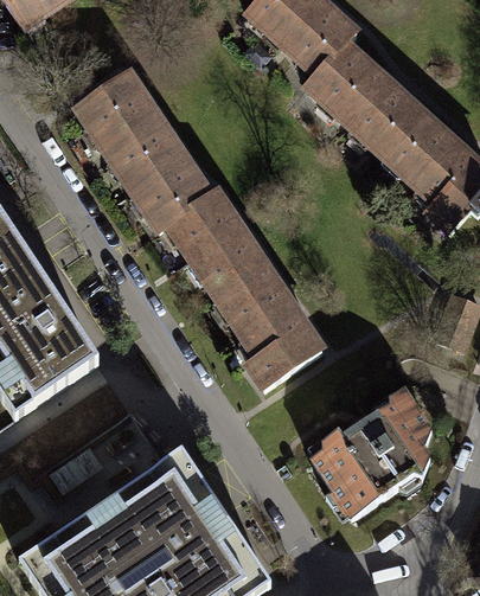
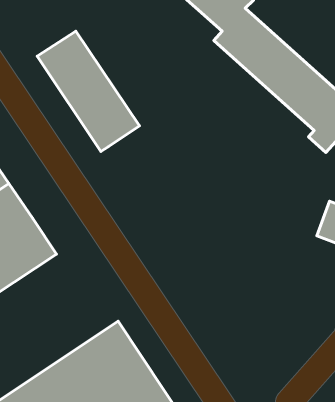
building: [169,192,321,387] -> none
building: [311,385,433,517] -> none

